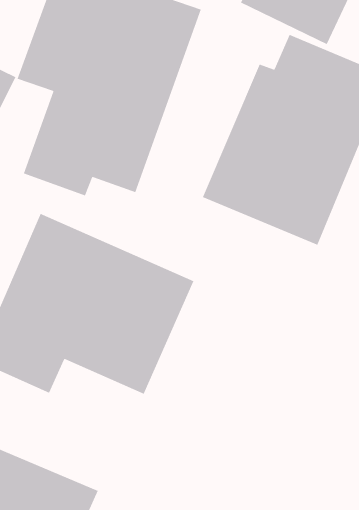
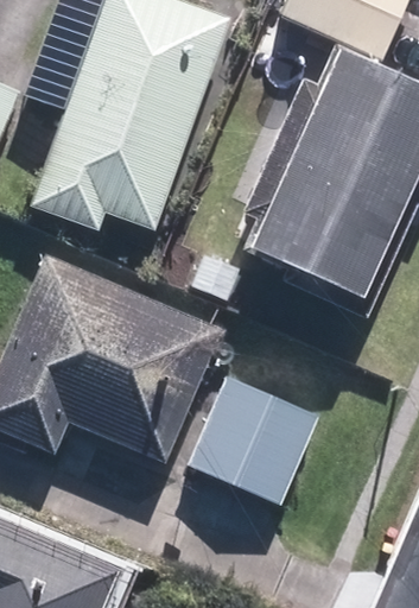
building: none -> [182,373,326,517]

